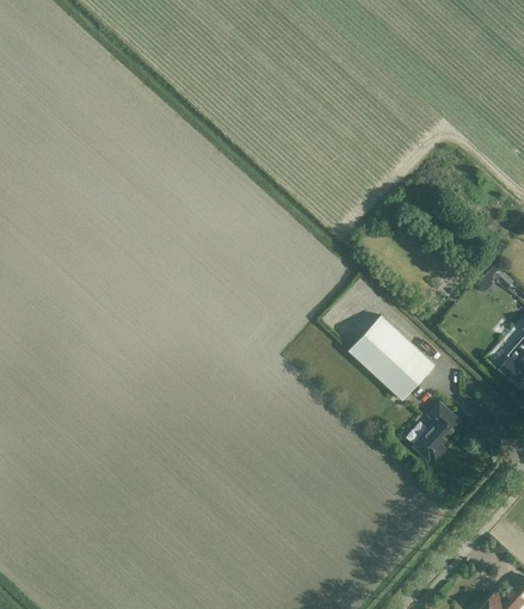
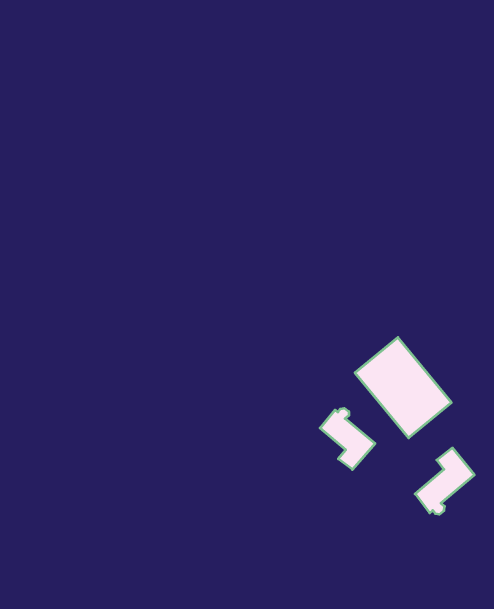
building: none -> [320,408,375,470]

